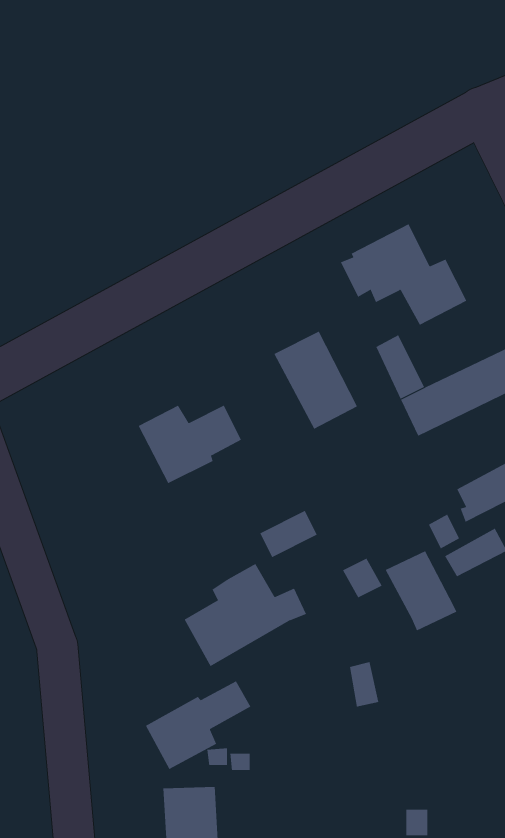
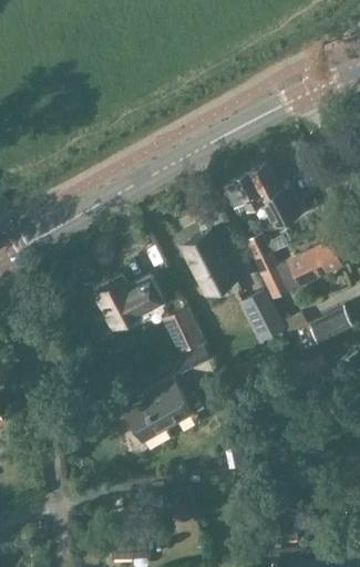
building: none -> [161,308,202,354]
building: [385,550,457,631] -> [238,290,284,341]
building: [145,680,251,770] -> none

